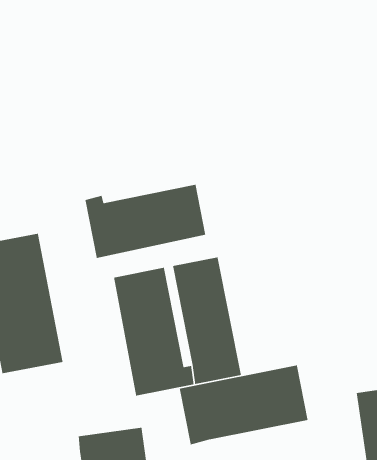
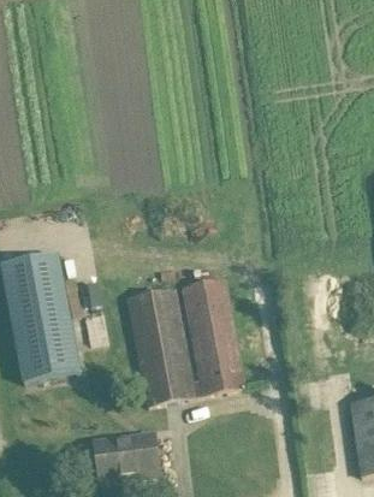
building: [84,184,206,259] -> none
building: [179,365,309,446] -> none

